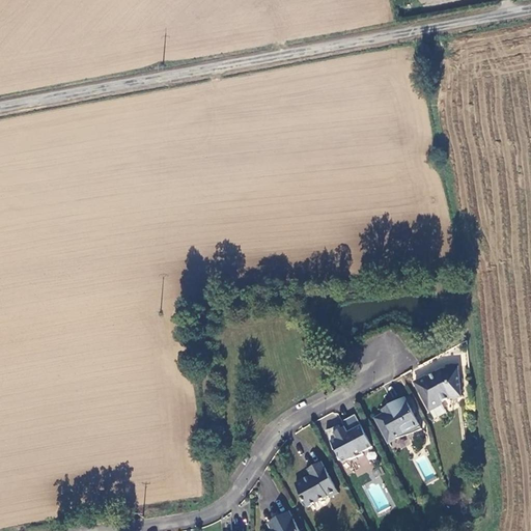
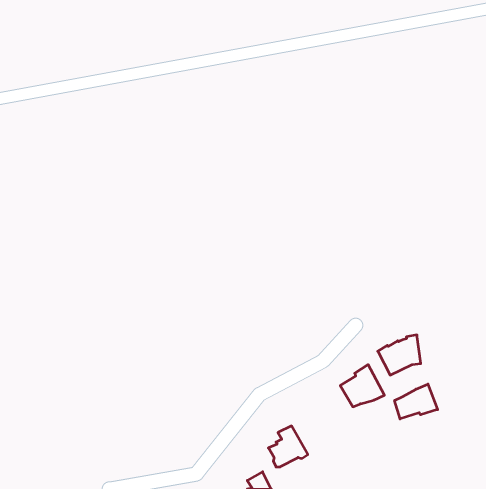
building: [326,415,371,460] -> none
building: none -> [395,384,438,419]

